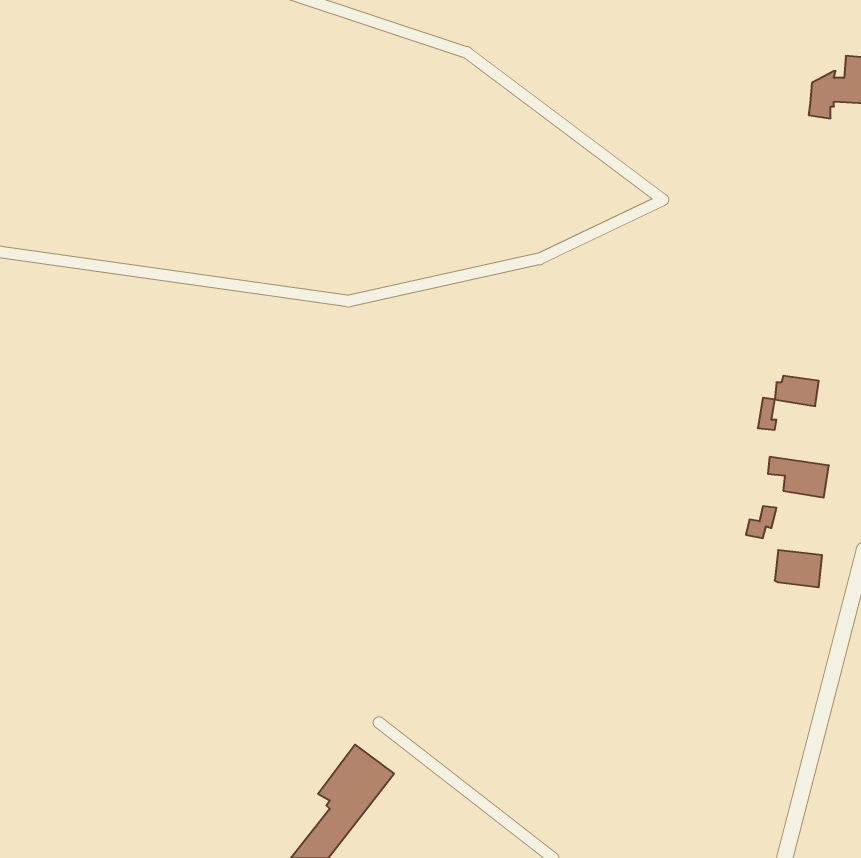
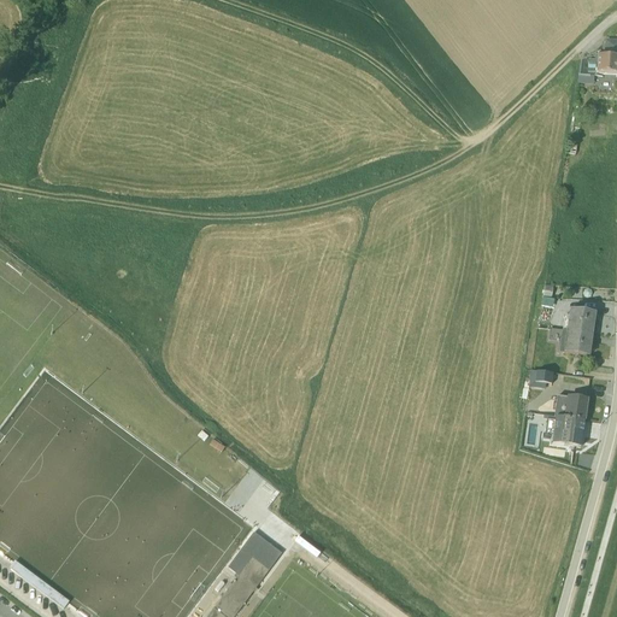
building: [775,376,819,406] -> [564,310,595,331]
building: none -> [546,415,586,445]

